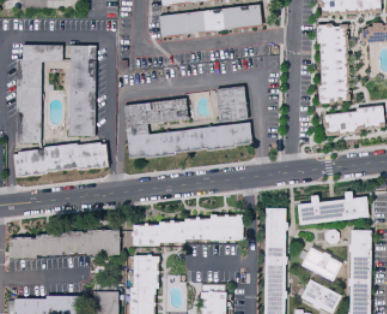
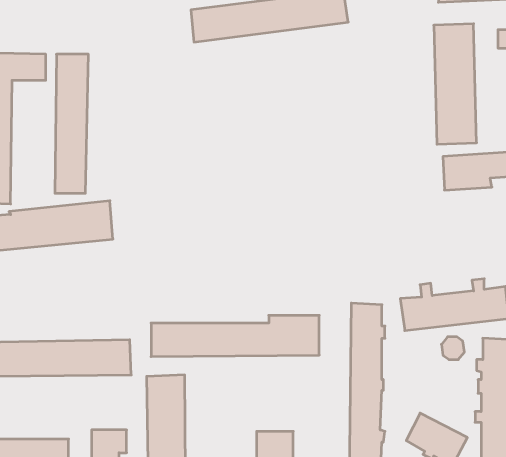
building: [215,85,248,122] -> none
building: [124,98,253,157] -> none
building: [300,248,341,282] -> none

